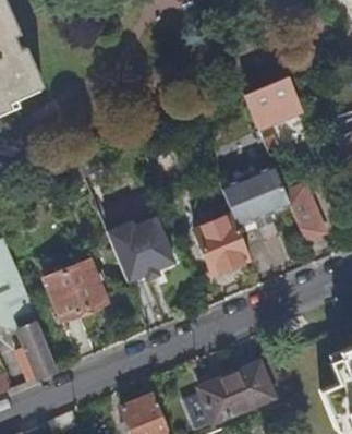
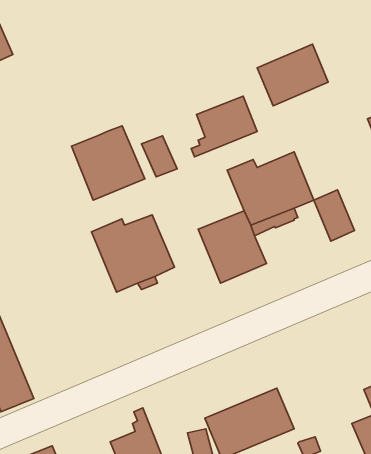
building: none -> [191,96,257,157]
building: none -> [71,126,145,200]
building: [44,261,107,322] -> none

